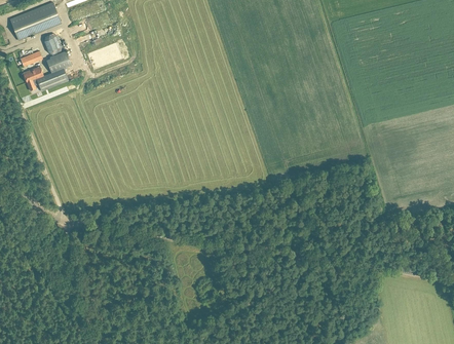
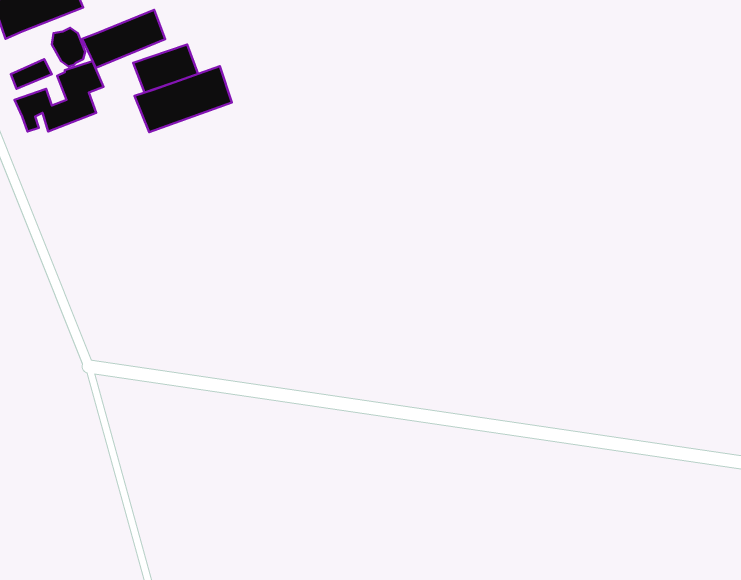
building: none -> [82,10,165,68]
building: none -> [135,66,232,132]

